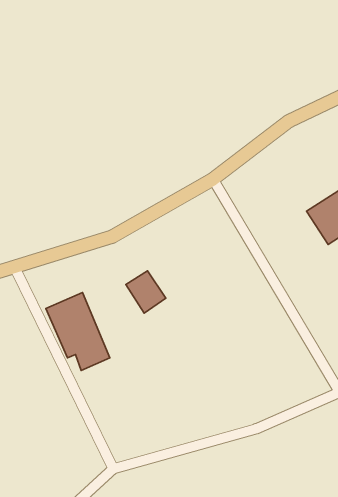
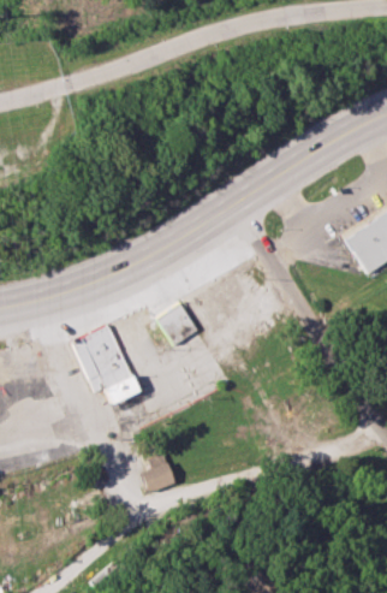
building: none -> [141,452,175,492]

